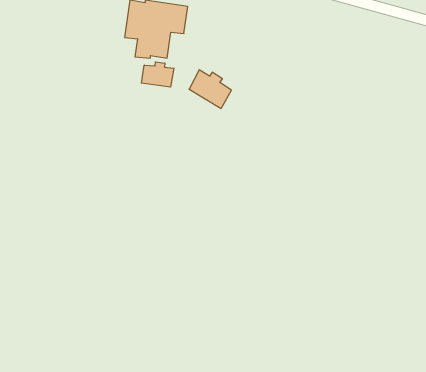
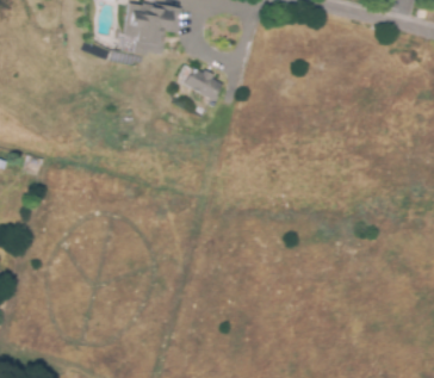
building: [141,62,174,87] -> none

